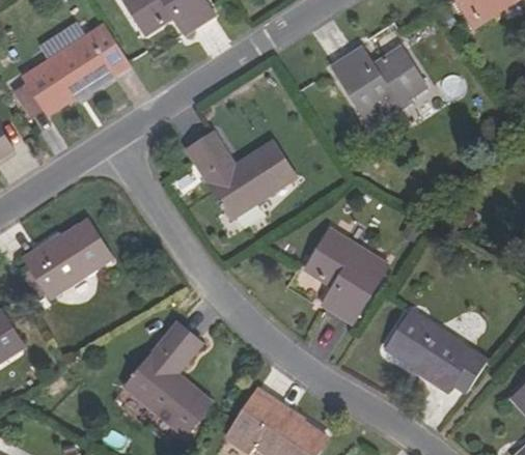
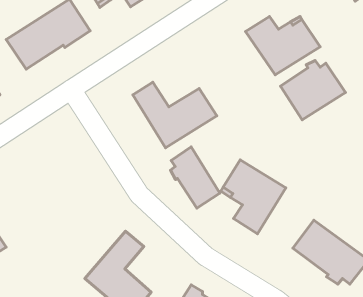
building: none -> [280,60,345,120]
building: none -> [170,147,220,208]
building: [22,220,112,298] -> none

